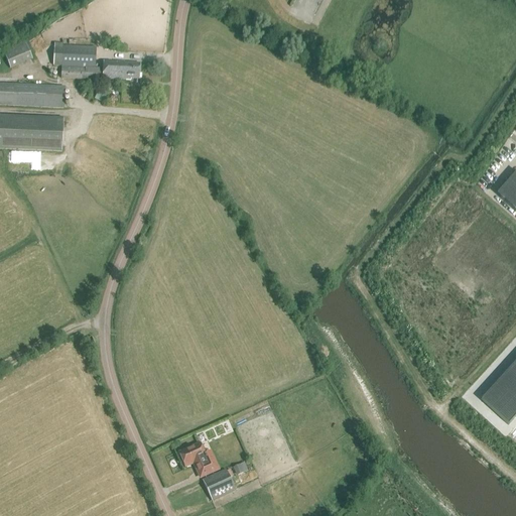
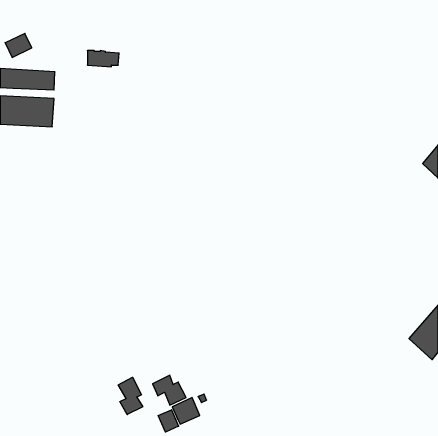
building: [53,42,101,78] -> none
building: none -> [118,377,143,415]
building: none -> [158,410,179,432]

